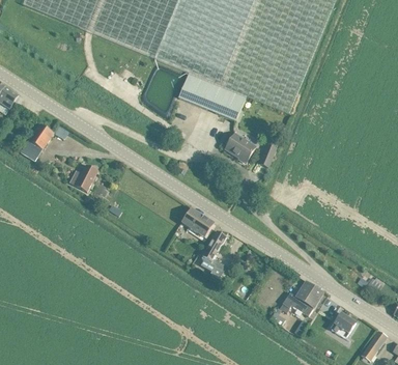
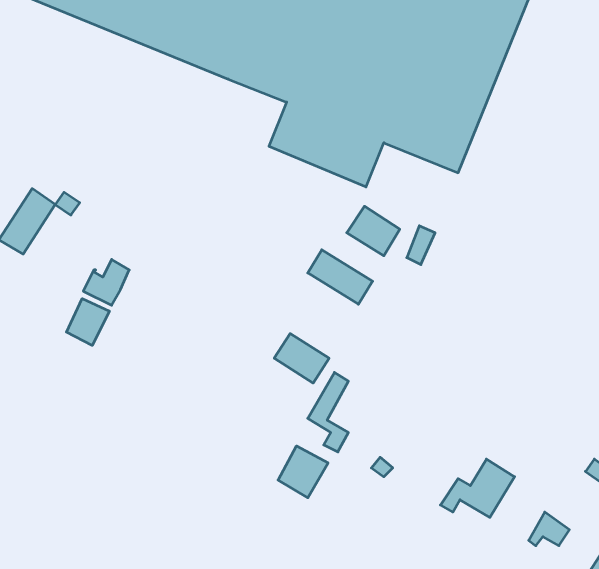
building: none -> [308,250,373,304]
building: none -> [66,299,109,345]
building: none -> [278,446,328,498]

